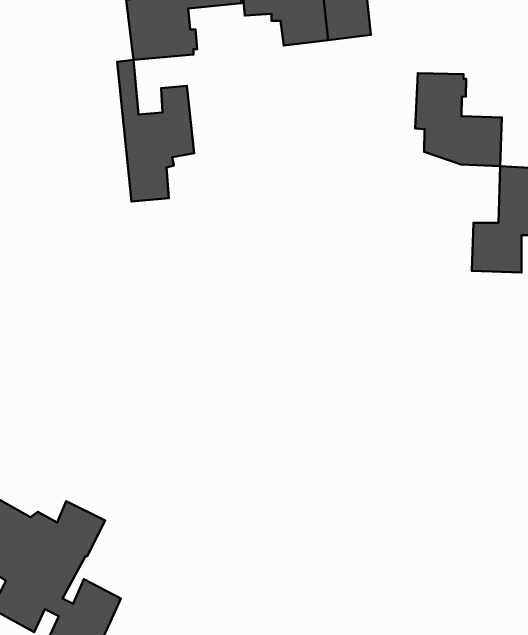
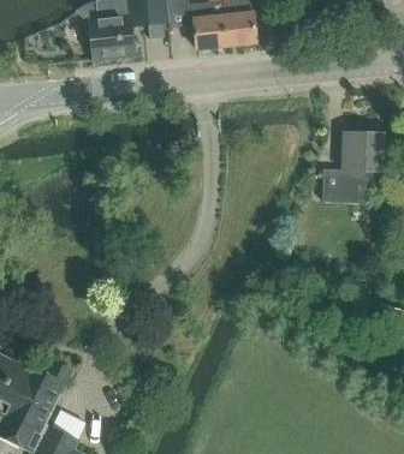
building: [117,60,194,202] -> none
building: [415,73,502,166] -> none

